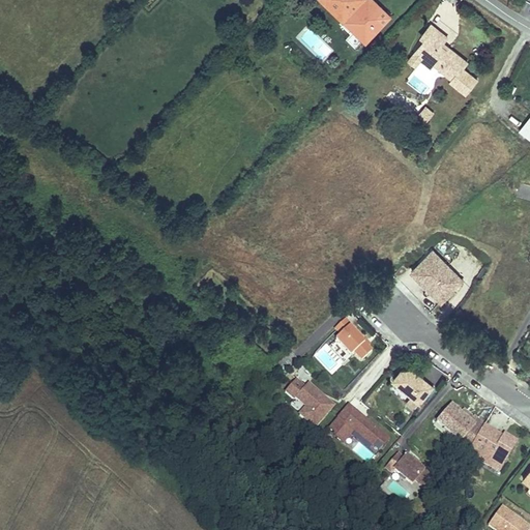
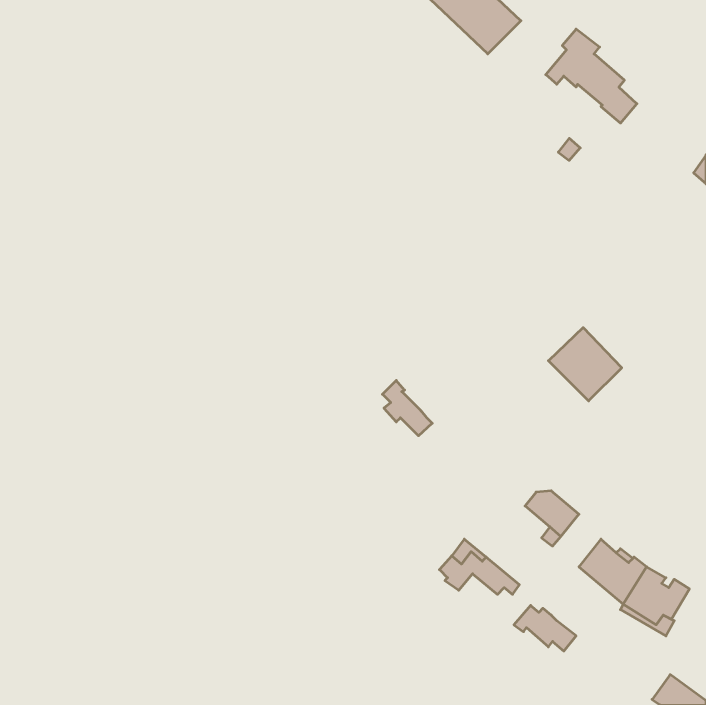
building: [335,318,373,359] -> [382,380,432,436]
building: [285,379,334,428] -> none

